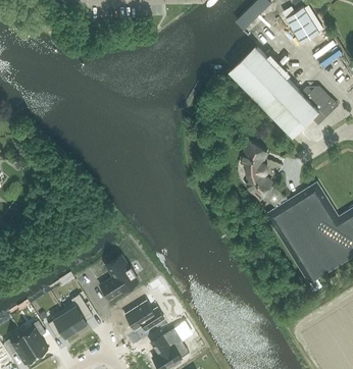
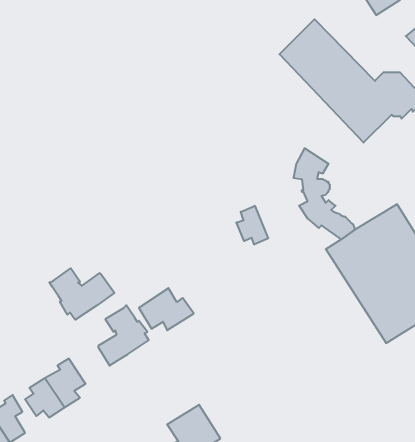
building: none -> [236,206,268,245]
building: none -> [49,268,114,320]
building: [124,300,164,330] -> [139,288,194,330]

